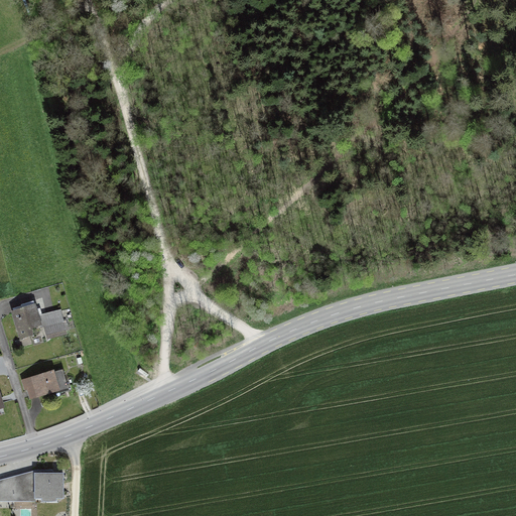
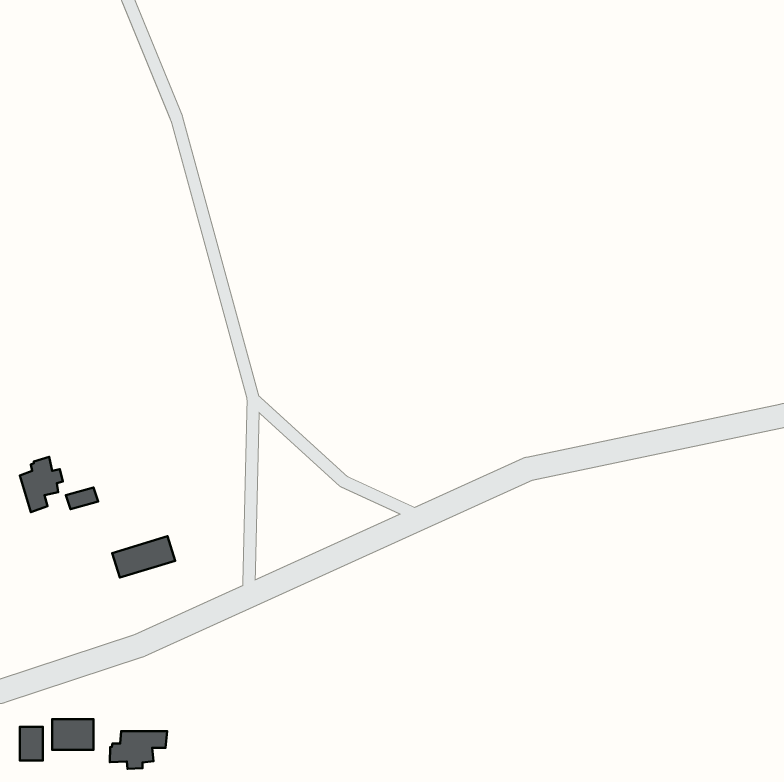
building: [25,369,67,396] -> [112,536,175,578]
building: none -> [110,731,167,769]

